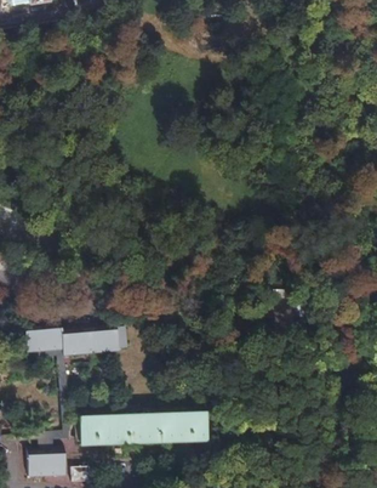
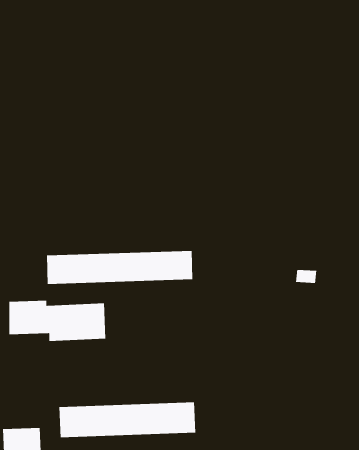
building: none -> [46,250,193,285]

